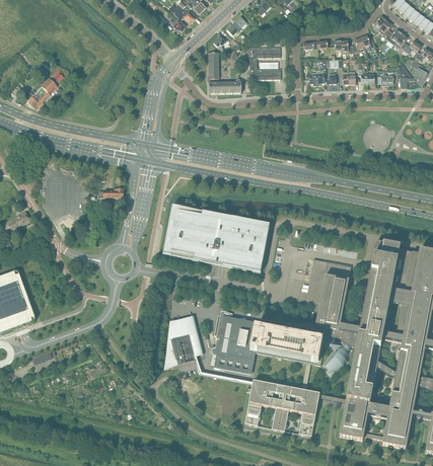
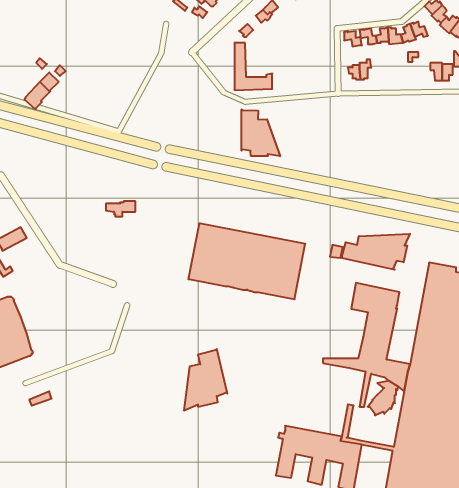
building: [249,46,281,78] -> none
building: none -> [242,109,280,156]
building: none -> [341,234,410,270]
building: [211,309,321,374] -> none

